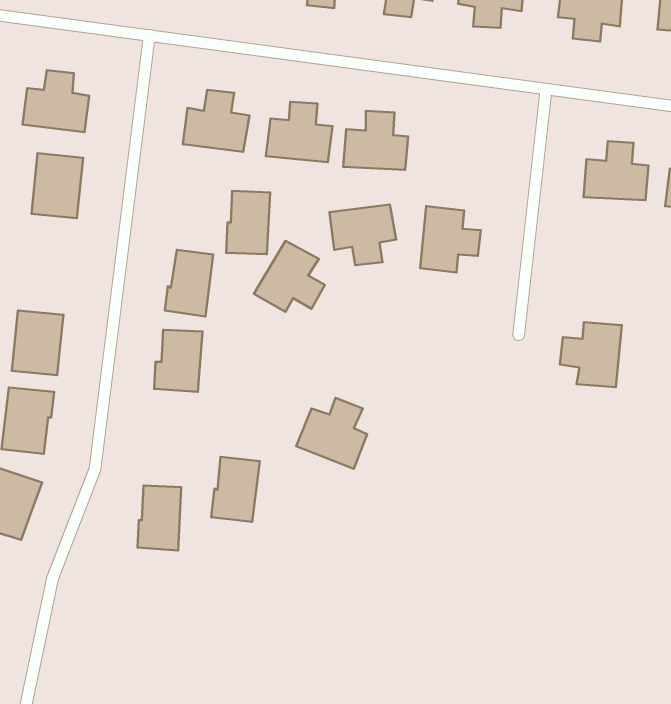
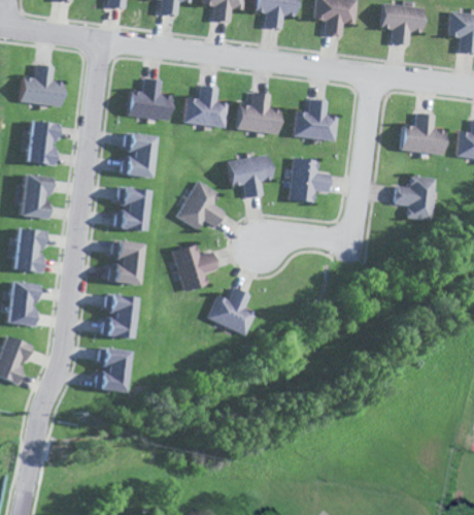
building: none -> [294,98,339,141]
building: [226,191,270,254] -> [124,133,154,176]
building: none -> [18,173,54,219]
building: [560,322,622,387] -> [395,175,437,220]
building: none -> [171,244,216,292]
building: [211,457,260,522] -> [102,294,135,339]

